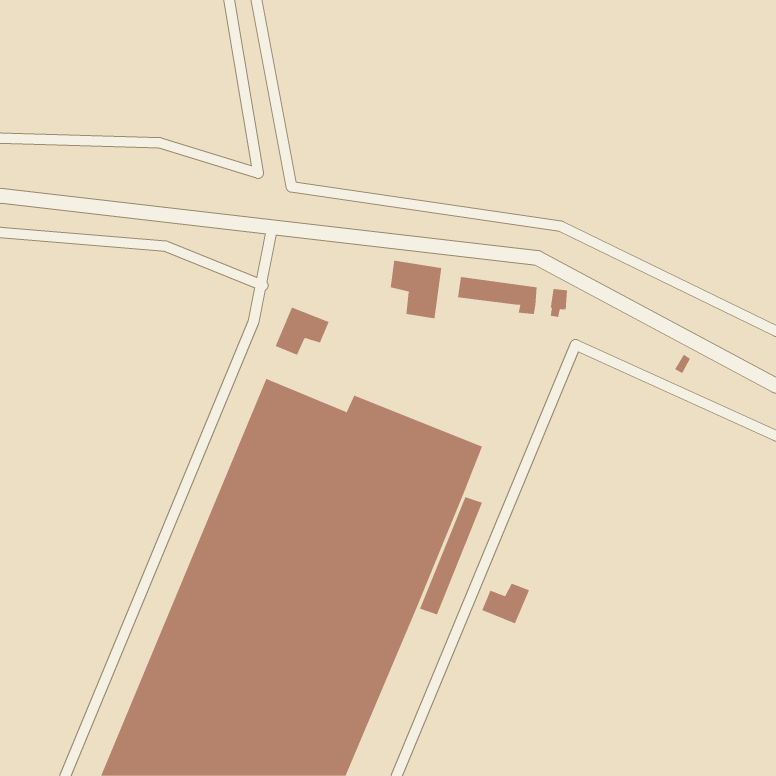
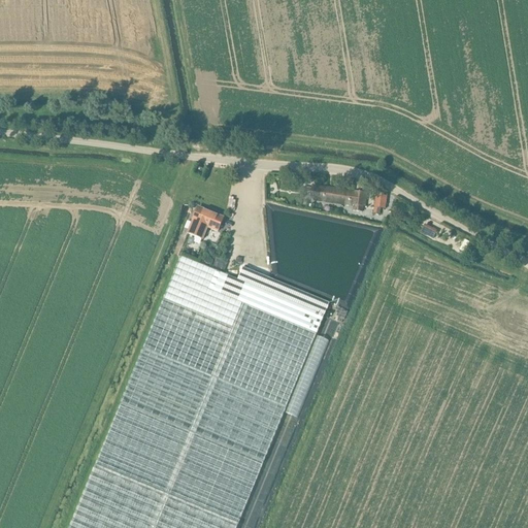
building: [390,260,442,319] -> none
building: [481,583,530,624] -> none

